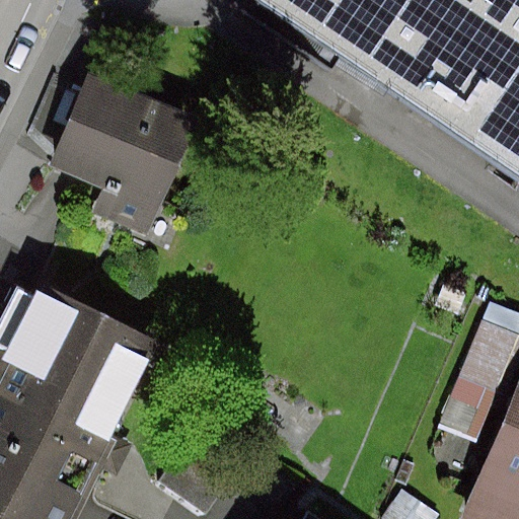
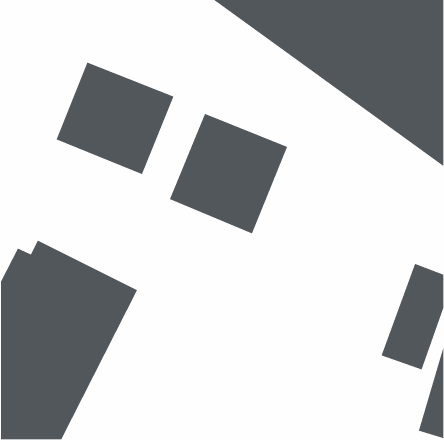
building: none -> [169,113,288,234]

